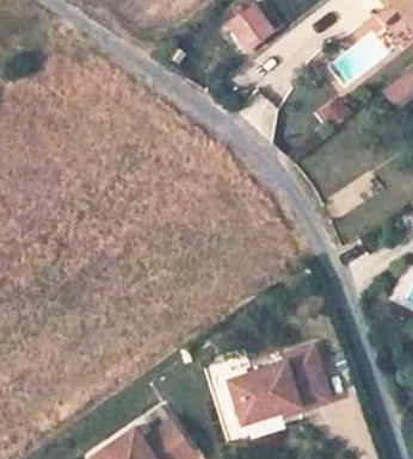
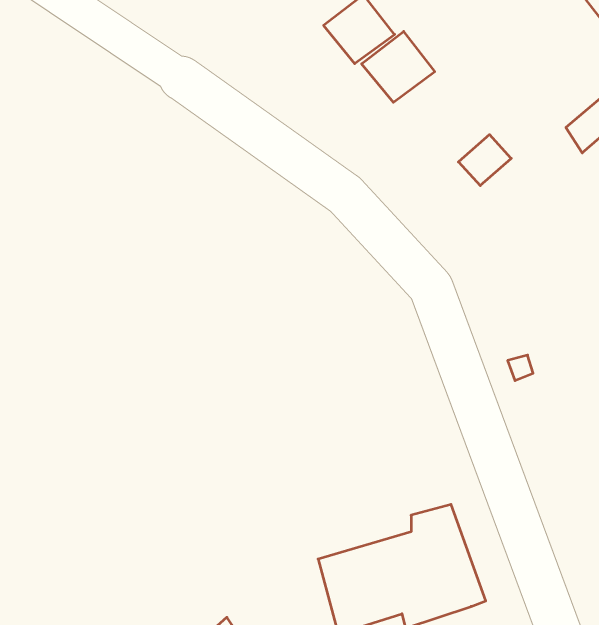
building: none -> [362,31,435,102]

